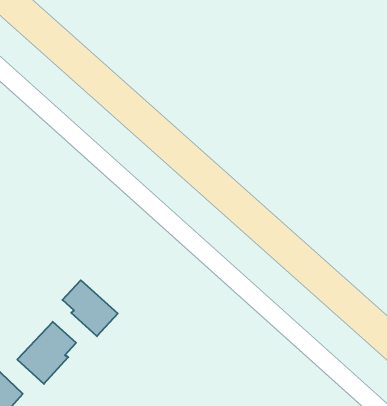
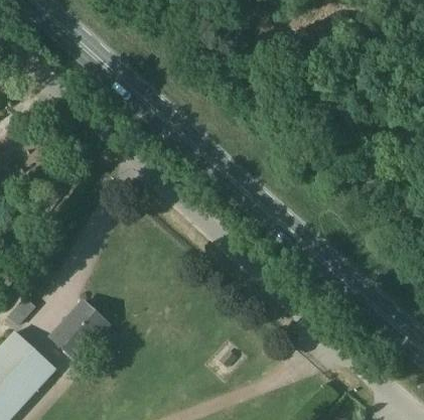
building: [62,280,118,336] -> none

